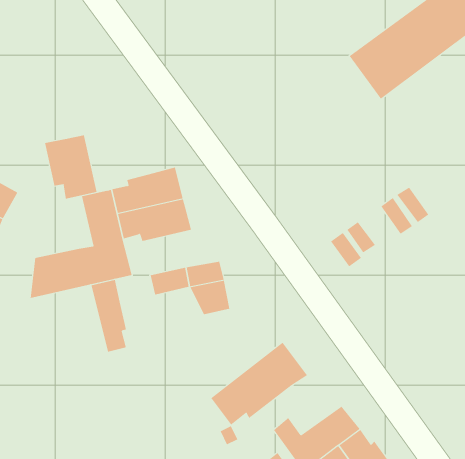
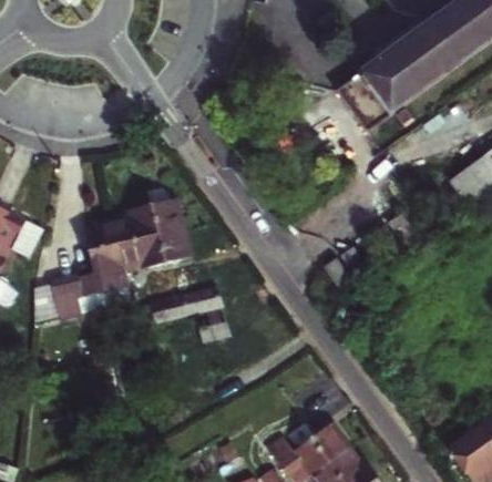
building: [45,134,97,200] -> none
building: [91,279,127,353] -> none
building: [210,342,308,425] -> none

